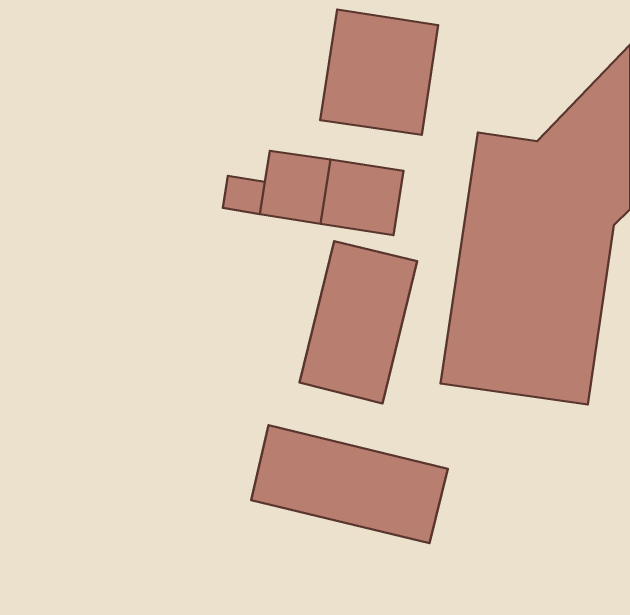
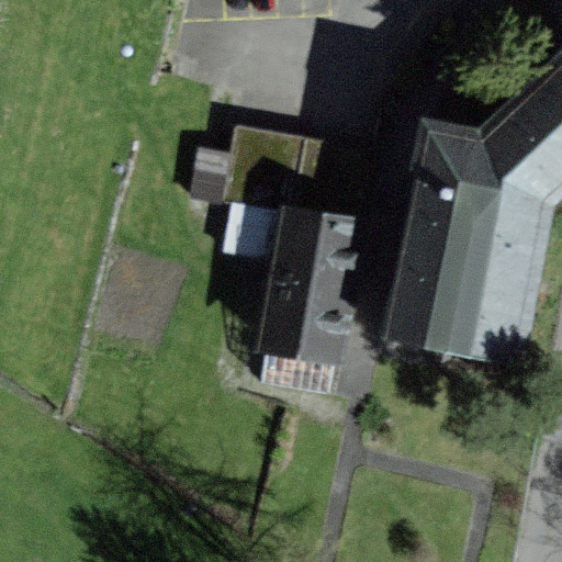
building: [320,10,438,135] -> none
building: [251,425,448,543] -> none

